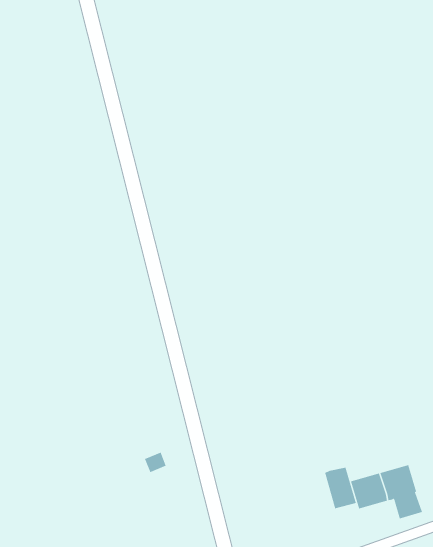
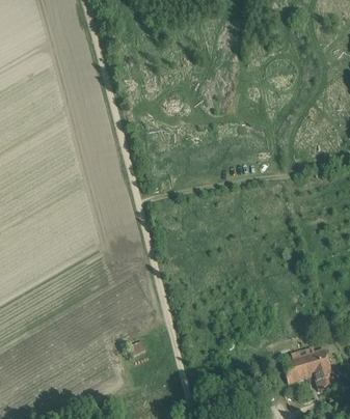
building: [324,467,356,509] -> none

